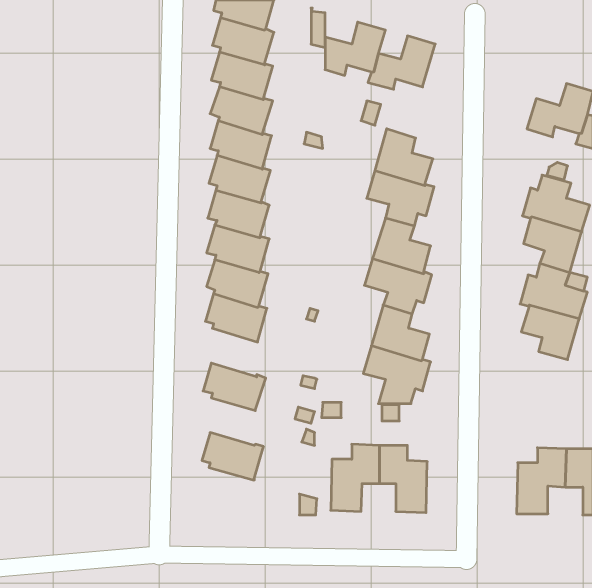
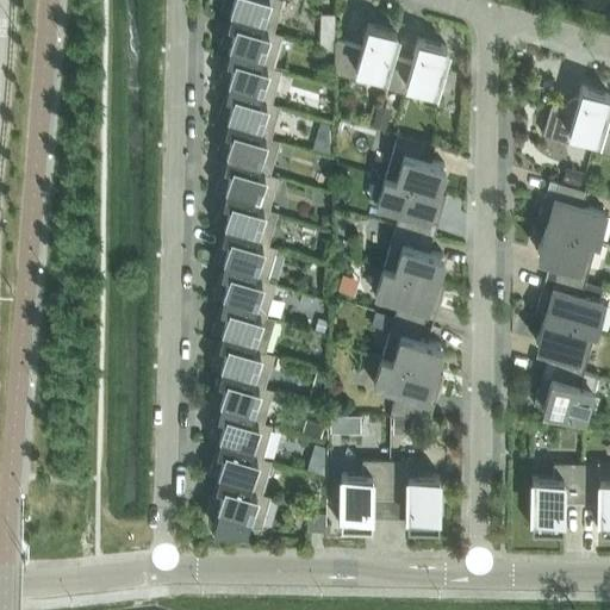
building: none -> [211,342,274,392]
building: none -> [534,366,599,421]
building: none -> [210,413,273,462]
building: none -> [207,485,270,530]

